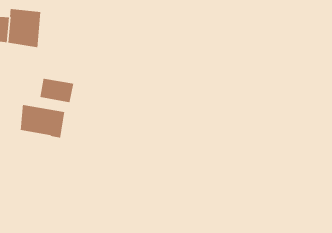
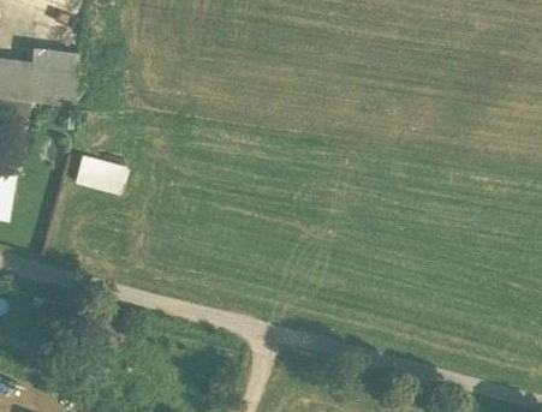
building: [20,104,65,138] -> none

